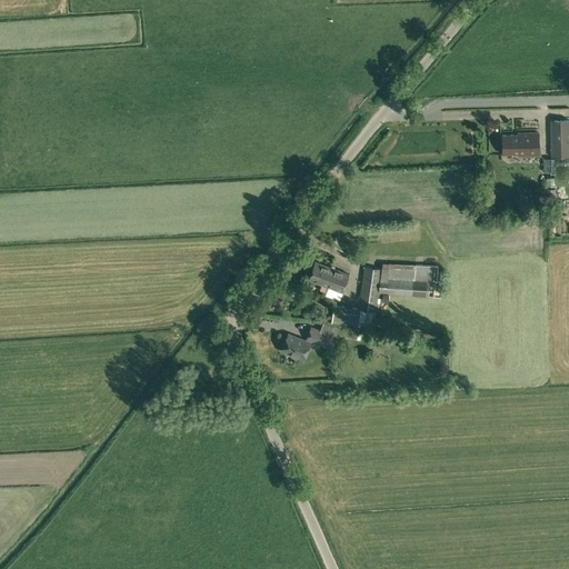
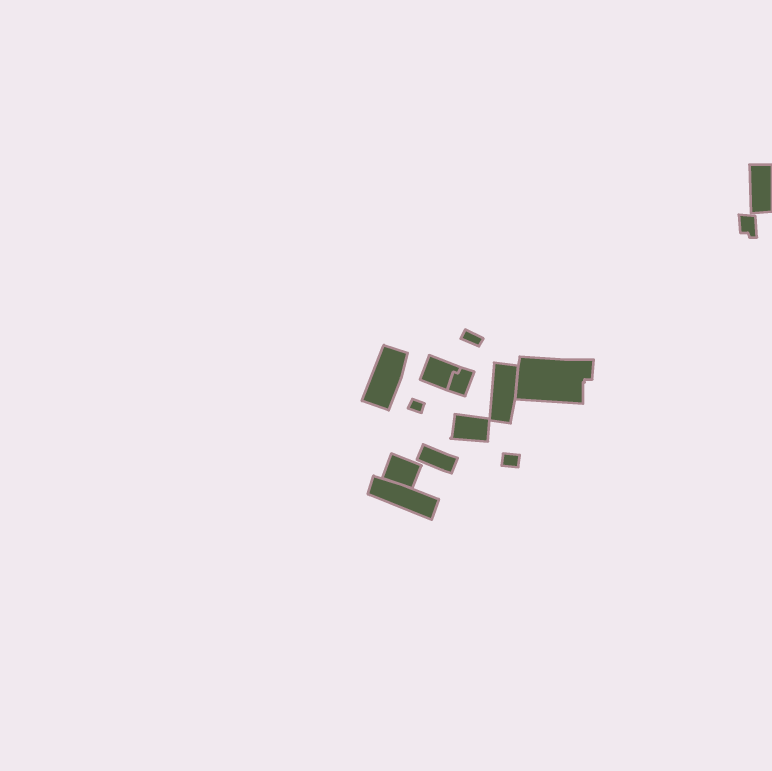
building: [502,133,539,157] -> none
building: none -> [362,345,408,410]
building: none -> [368,476,439,520]

